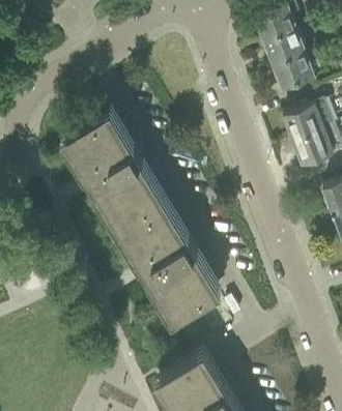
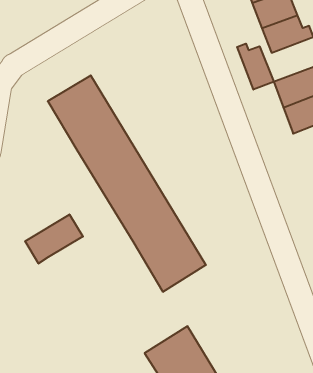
building: none -> [237,44,274,90]
building: none -> [25,214,83,264]

